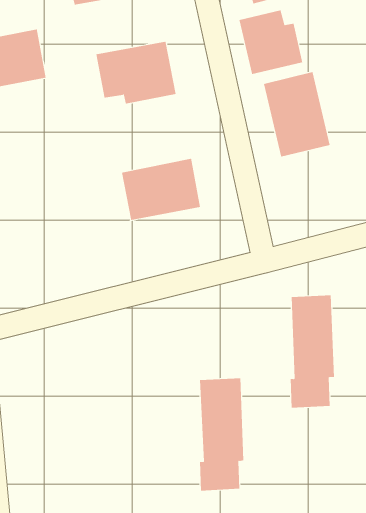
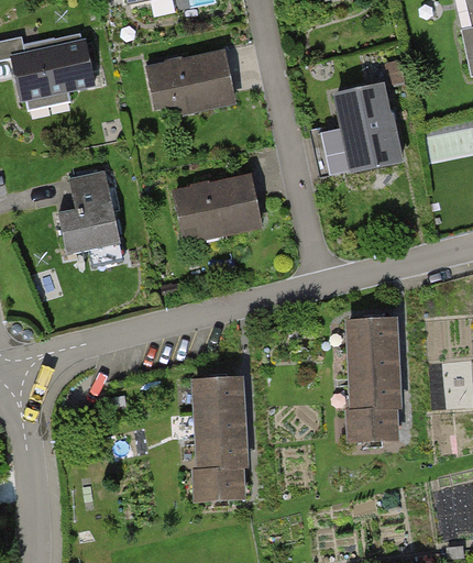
building: [239,10,303,75] -> none
building: none -> [64,169,125,253]
building: [199,378,244,491] -> [199,379,248,501]

